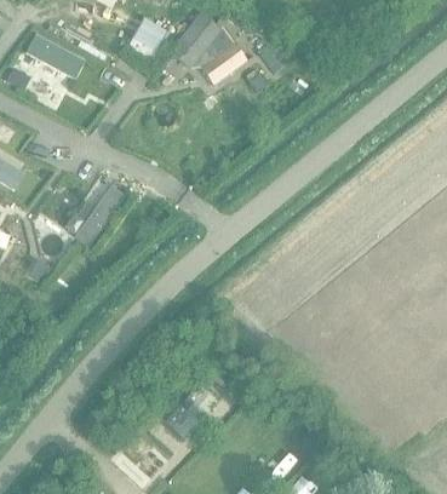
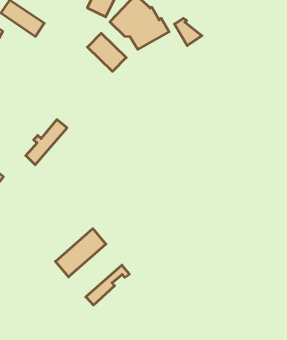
building: none -> [87,33,126,71]
building: none -> [55,229,106,277]

